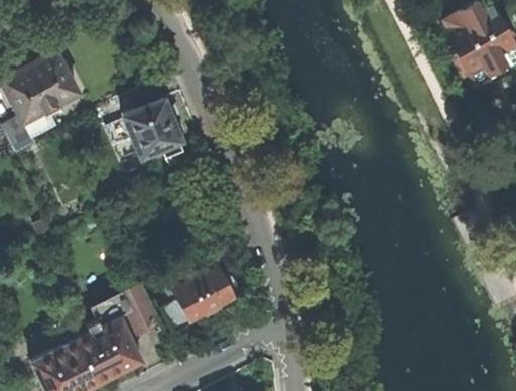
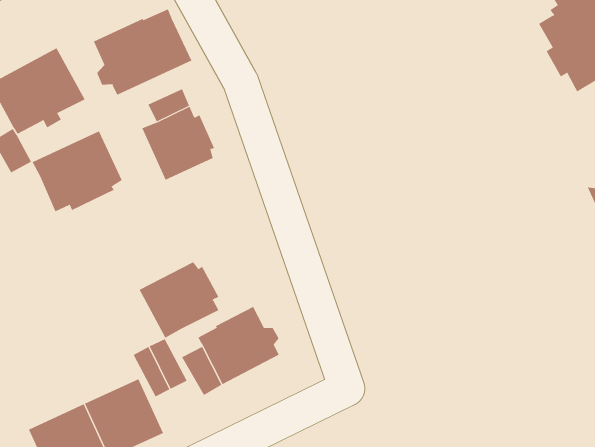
building: none -> [93,8,192,95]
building: none -> [32,130,122,212]
building: none -> [139,261,219,339]

